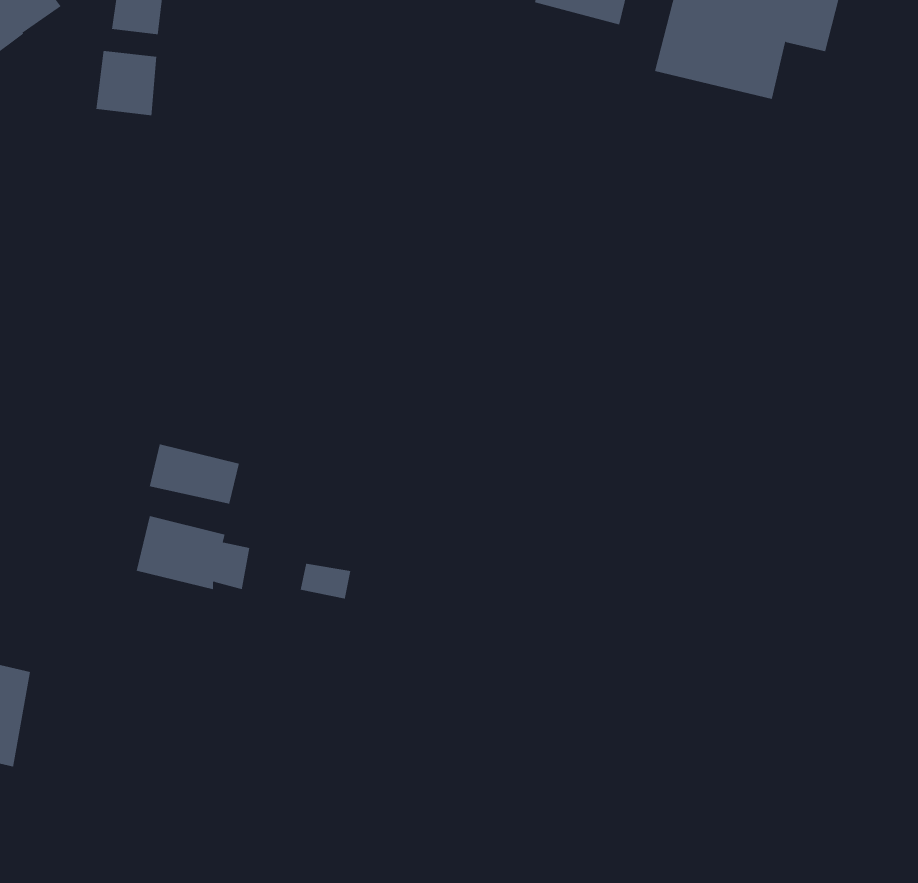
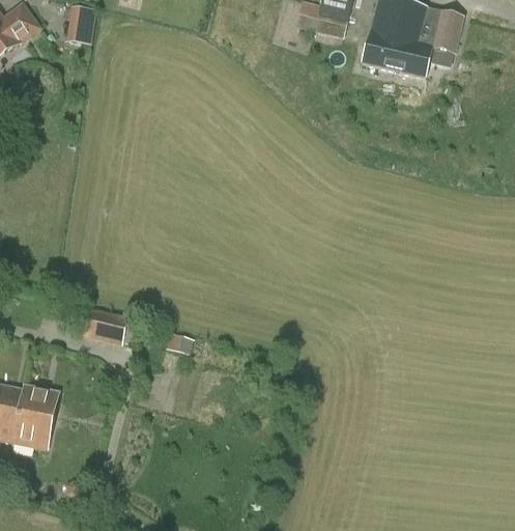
building: [96,50,157,116] -> none
building: [149,444,239,505] -> none
building: none -> [12,385,58,449]

